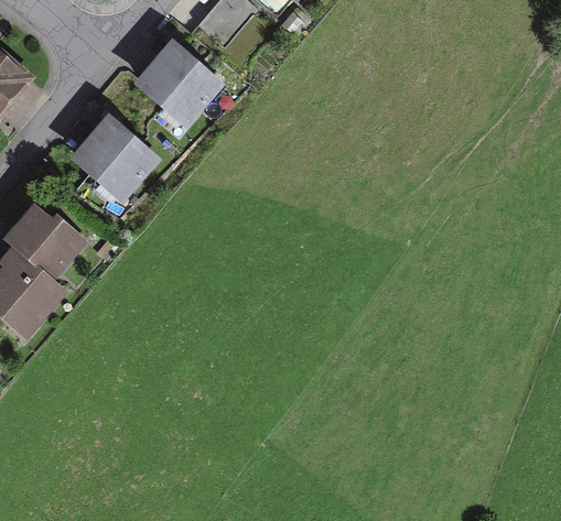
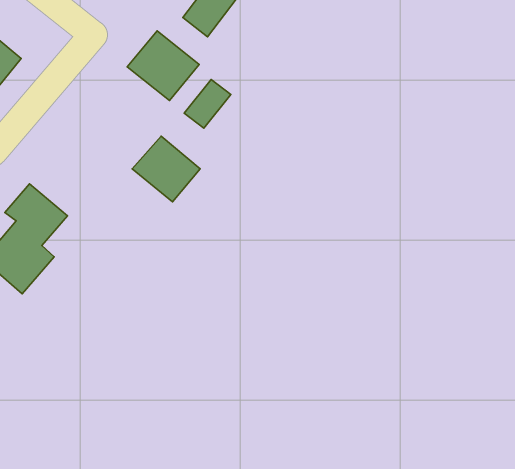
building: none -> [184,80,231,128]
building: [78,120,151,191] -> [132,136,200,202]

